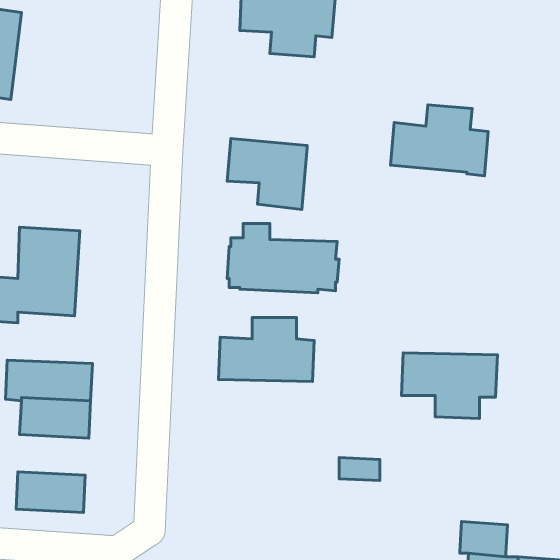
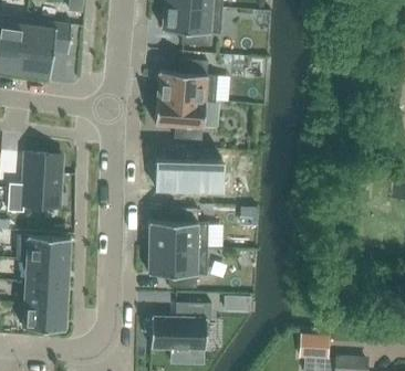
building: none -> [20,19,73,77]
building: [390,105,488,176] -> [157,60,218,104]
building: [402,353,497,419] -> [148,247,208,288]
building: none -> [24,282,69,307]
building: none -> [152,304,212,349]

